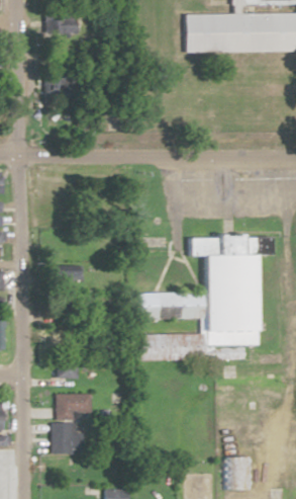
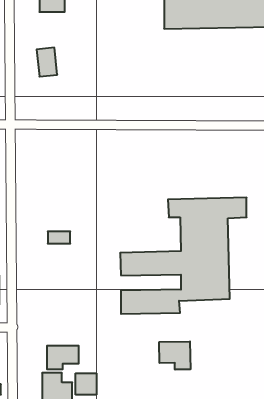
building: [55,361,77,379] -> none
building: none -> [159,341,190,370]
building: none -> [76,373,96,395]

